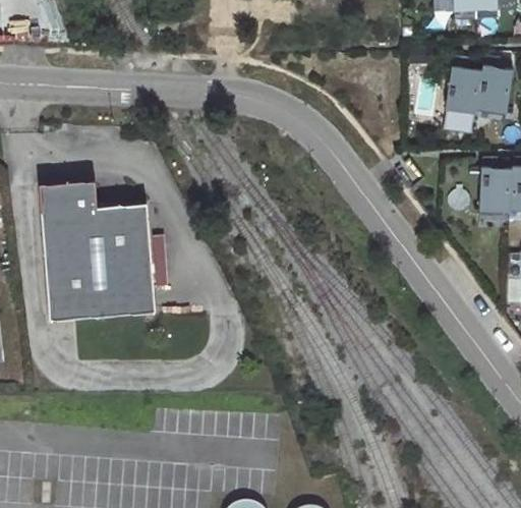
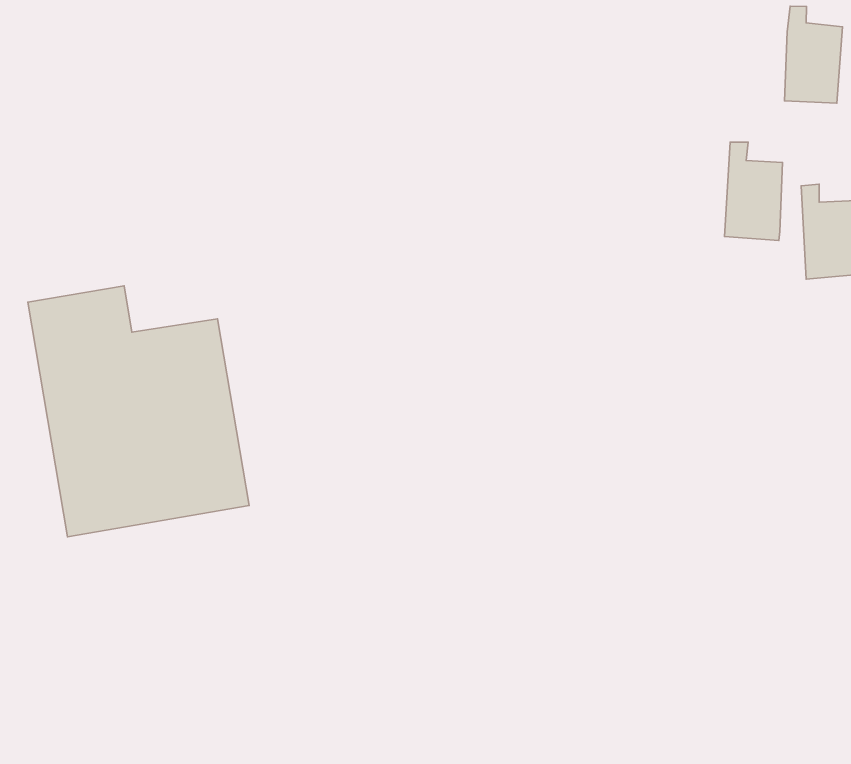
building: [445,58,481,116] -> [724,142,783,241]

